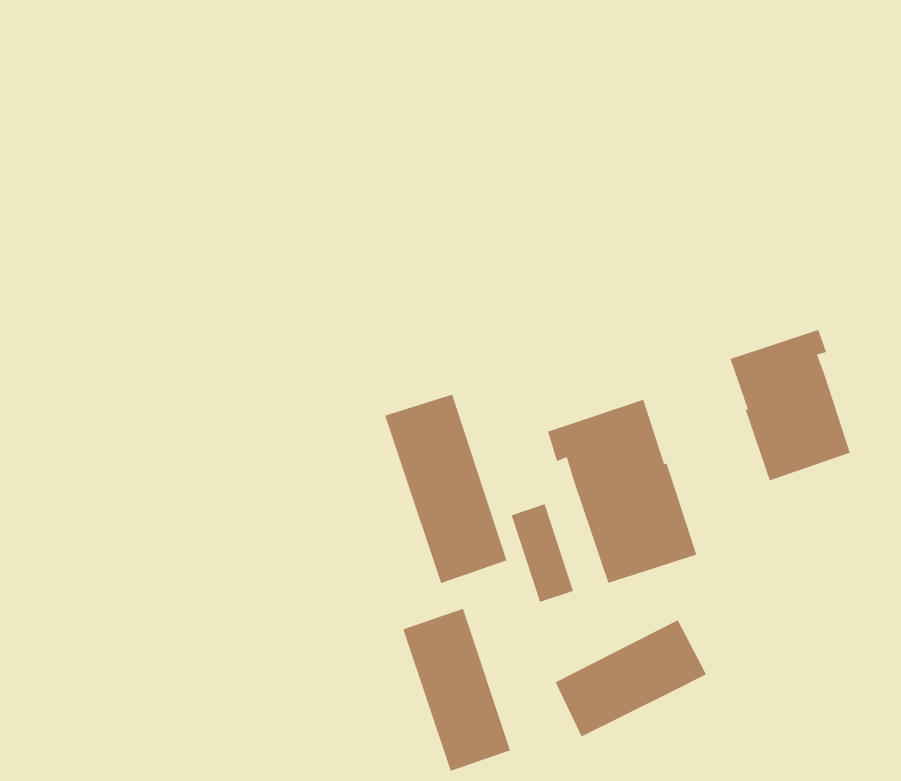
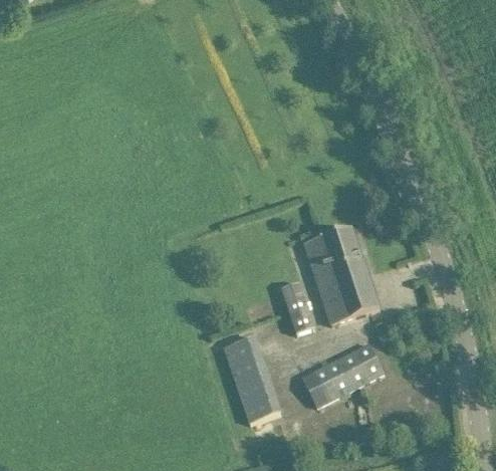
building: [730,329,851,481] -> none
building: [384,394,507,584] -> none

